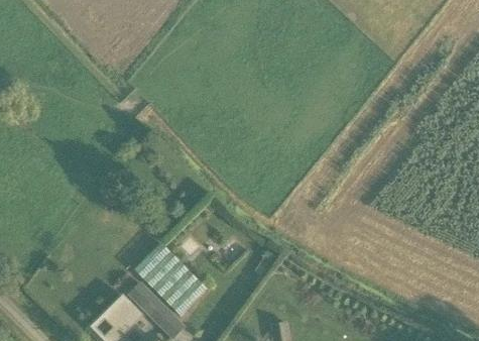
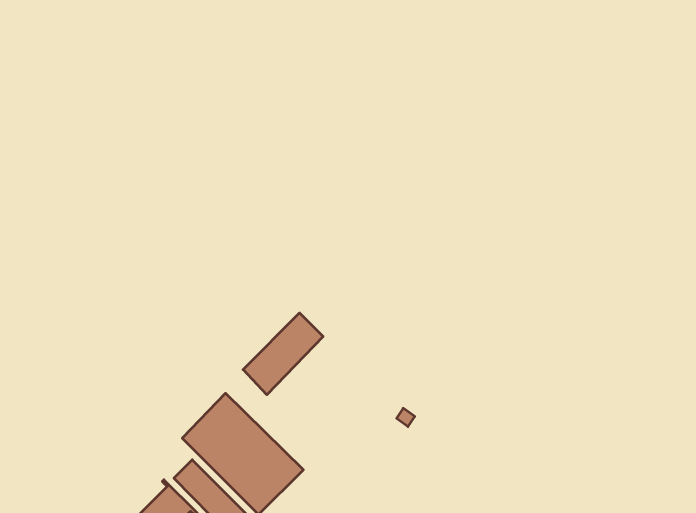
building: none -> [243,313,323,395]

